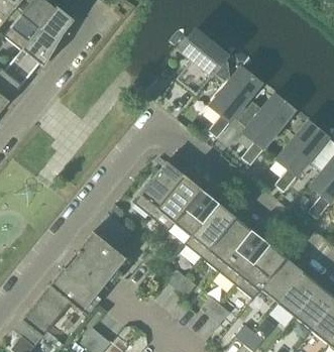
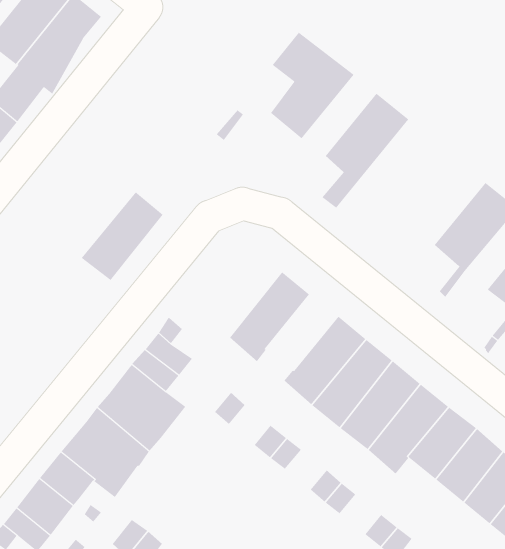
building: [237,94,295,164] -> none
building: [133,161,184,216] -> [81,192,164,281]
building: [174,190,218,236] -> none

